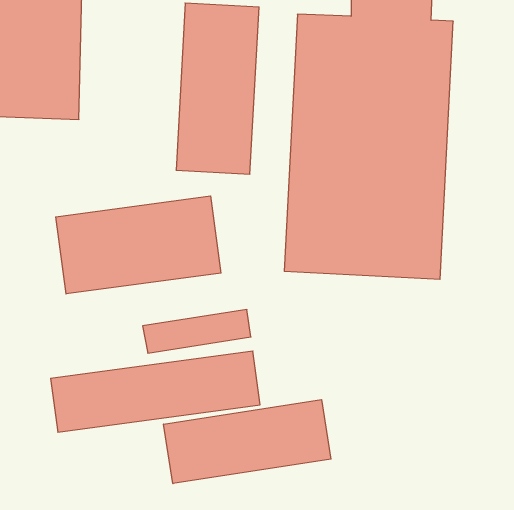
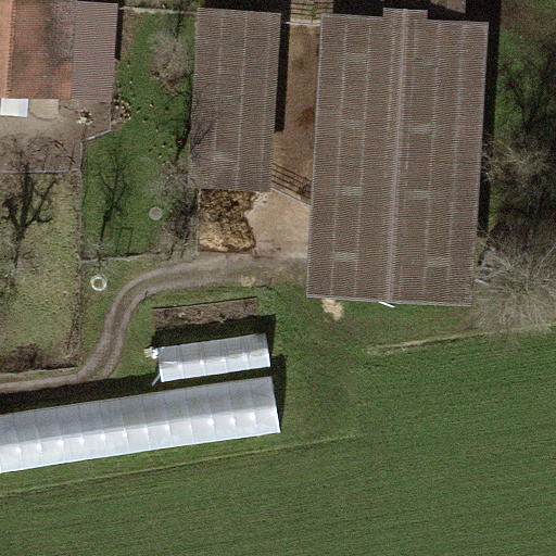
building: [56,196,221,294] -> none
building: [164,400,331,484] -> none

